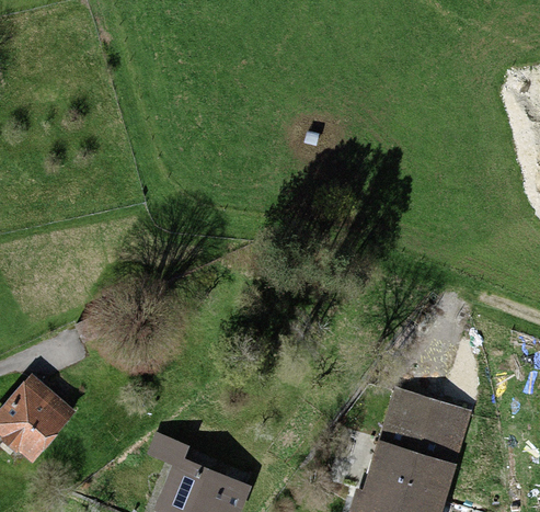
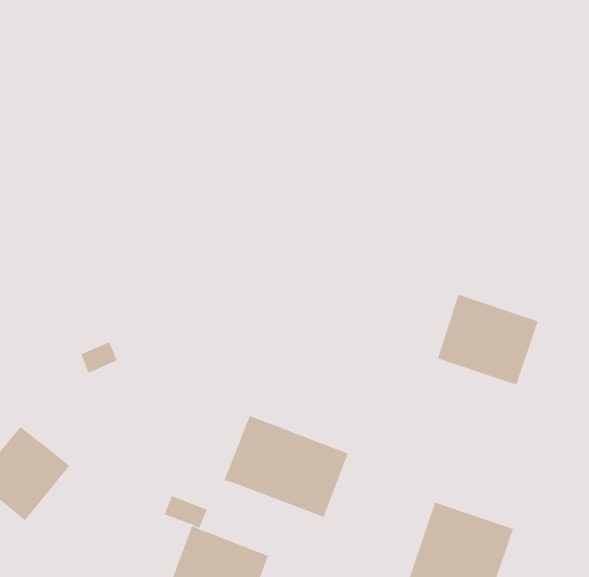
building: none -> [224,415,348,517]
building: [382,387,469,465] -> [437,294,538,385]

